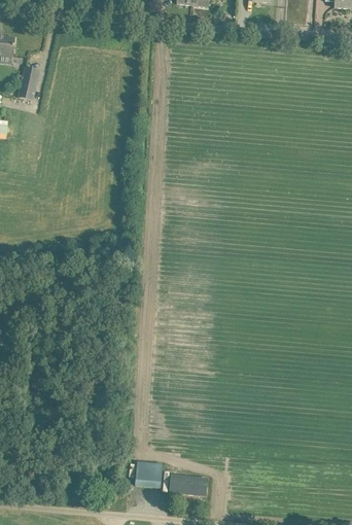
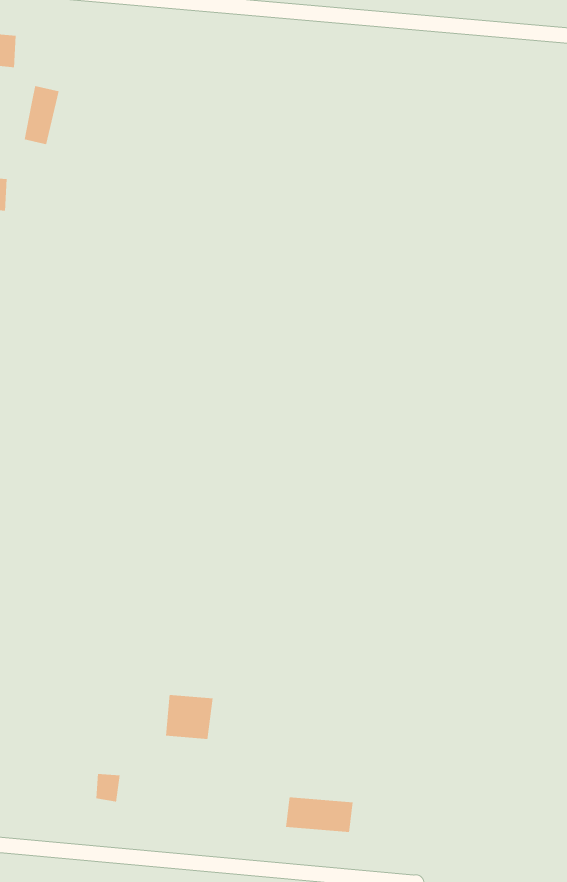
building: [134,461,162,487] -> [165,695,214,739]

